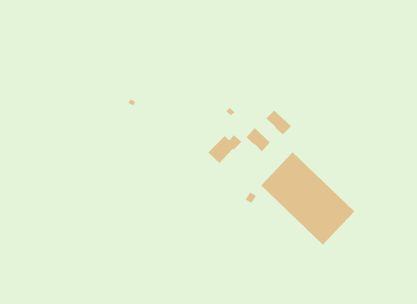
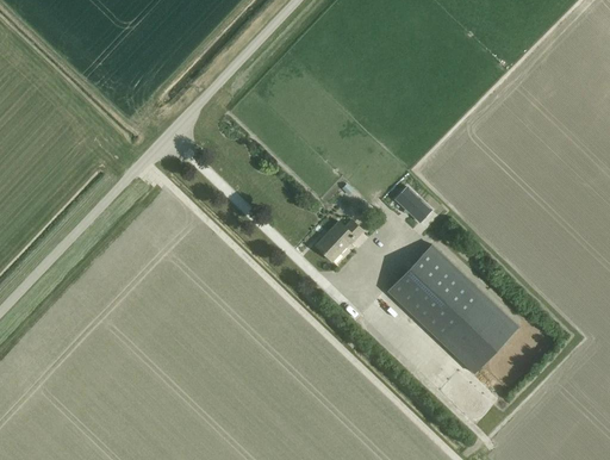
building: [246,127,271,152] -> none

